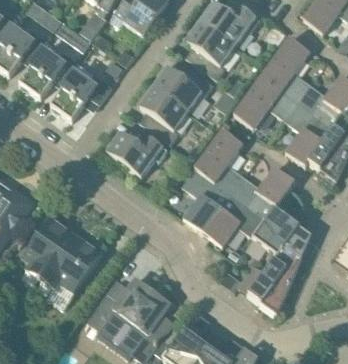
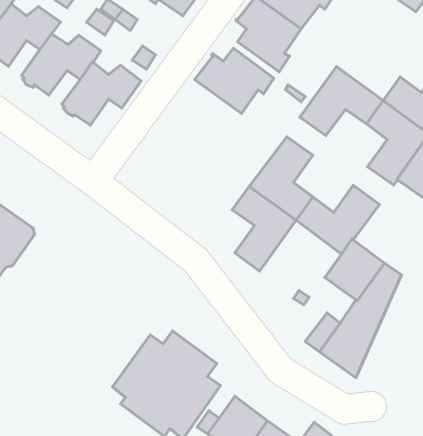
building: [261,37,310,101] -> none
building: [137,85,188,144] -> none
building: [106,126,167,177] -> none
building: [202,193,265,246] -> none
building: [25,215,102,307] -> none

